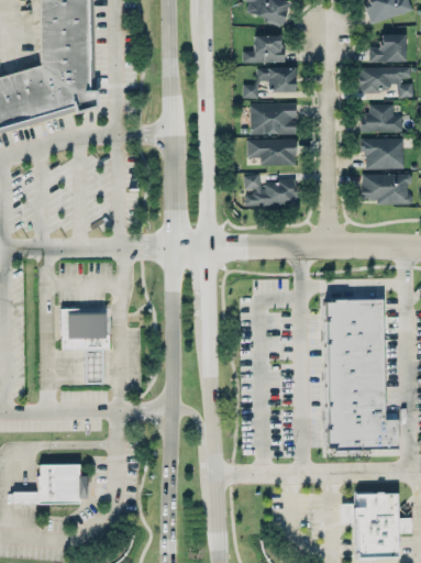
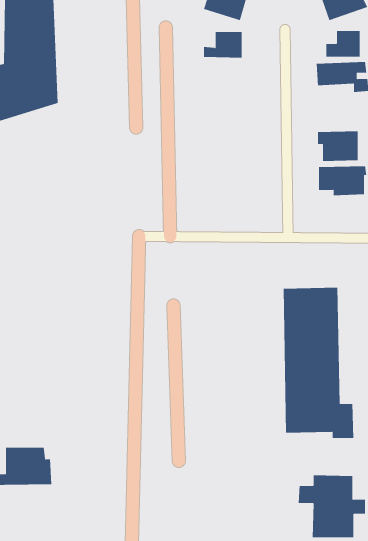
building: [242,67,295,98] -> none
building: [248,103,296,134] -> none
building: [359,104,402,132] -> none
building: [246,139,296,165] -> none
building: [243,174,296,208] -> none
building: [60,308,110,385] -> none

